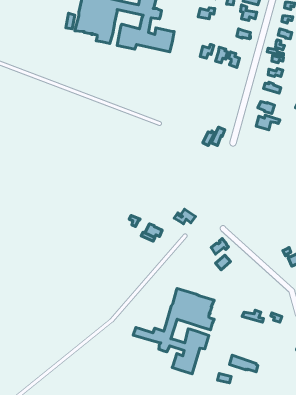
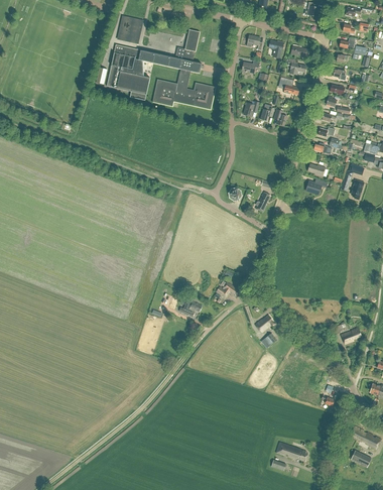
building: [133,289,214,374] -> none

